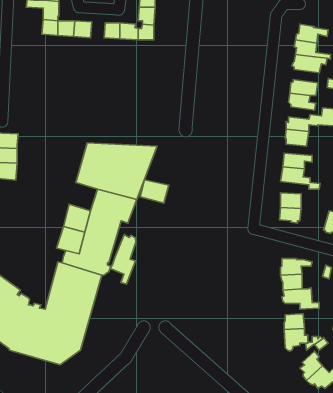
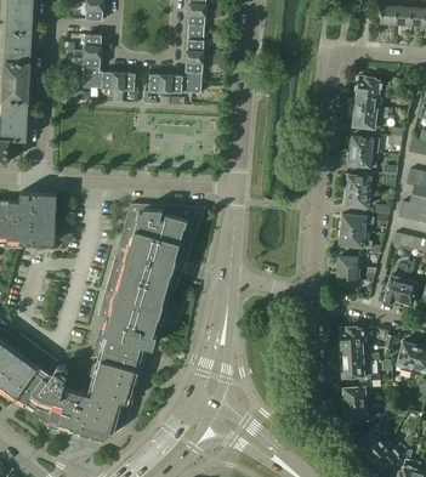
building: [140,180,169,203] -> none
building: none -> [112,245,142,276]
building: [110,234,136,284] -> none

